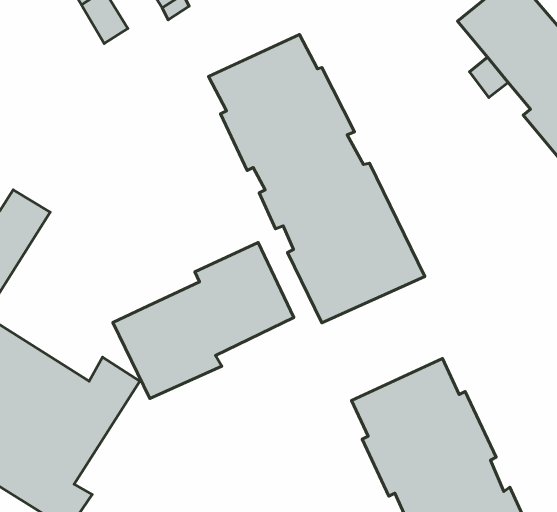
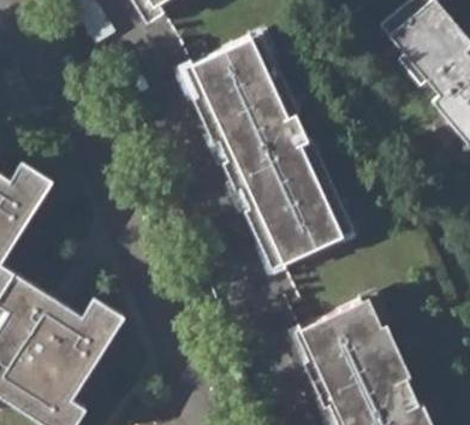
building: [113,242,294,398] -> none

